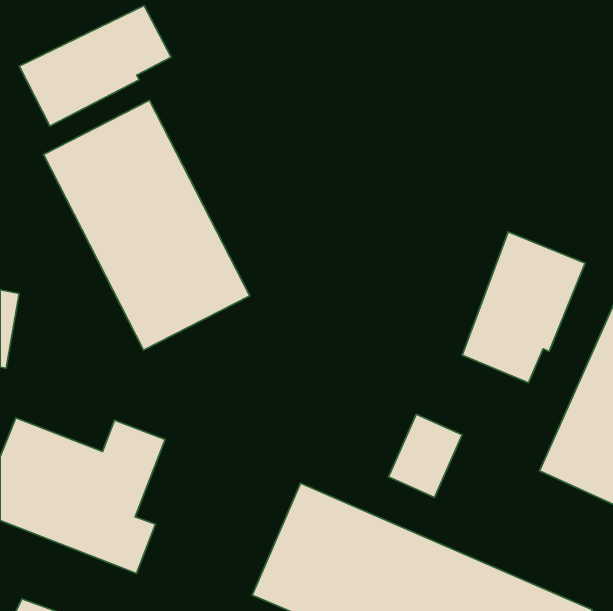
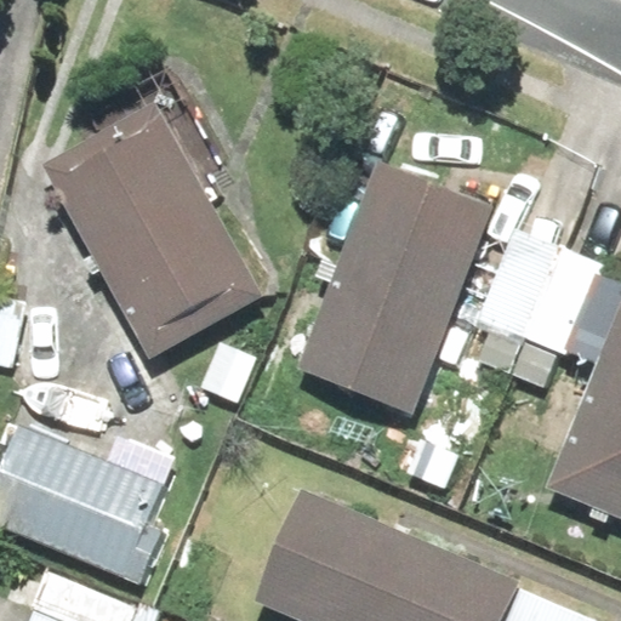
building: [19,6,171,126] -> none
building: none -> [298,161,489,410]

